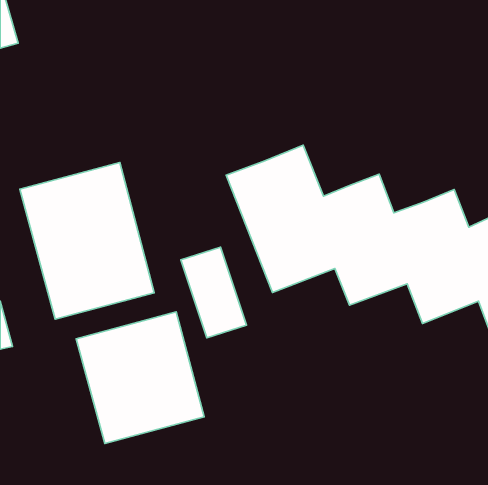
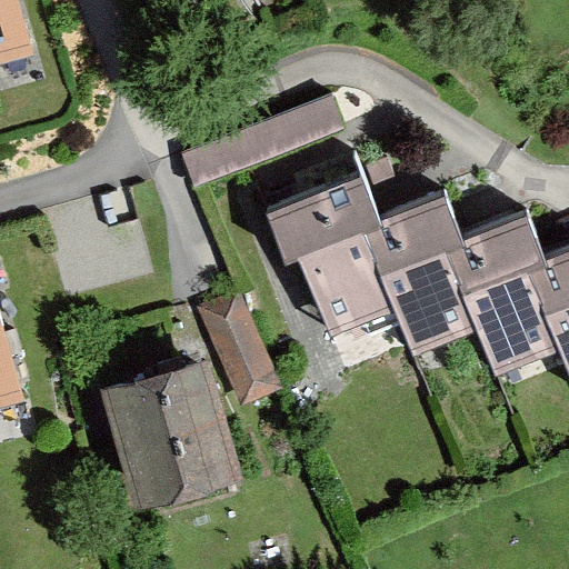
building: [20,162,154,319] -> none

